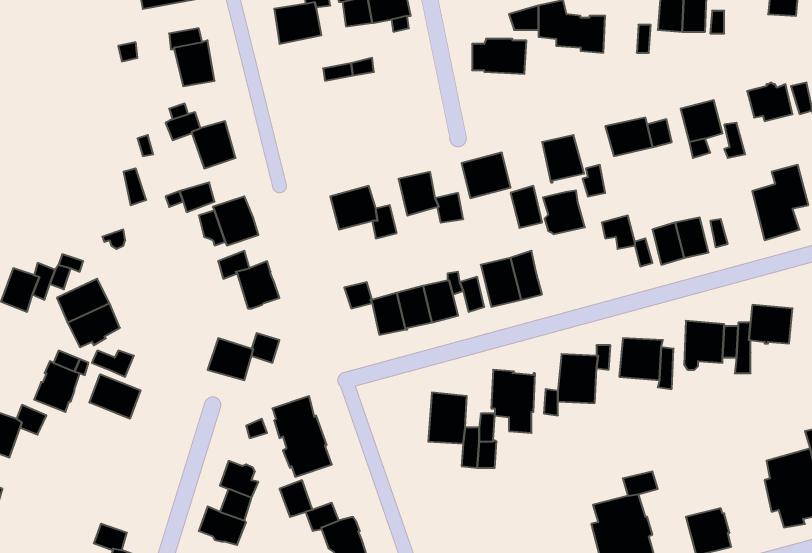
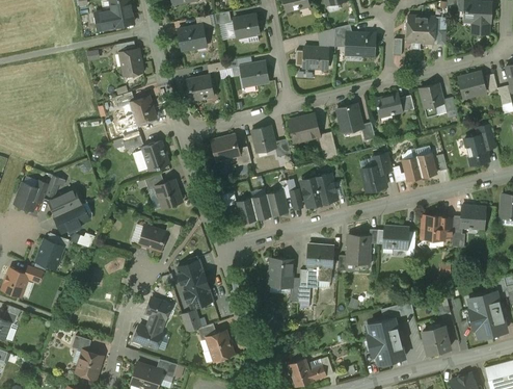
building: none -> [241,62,269,87]
building: none -> [188,77,214,100]
building: [543,190,585,234] -> [361,165,386,191]
building: [89,374,141,419] -> none

